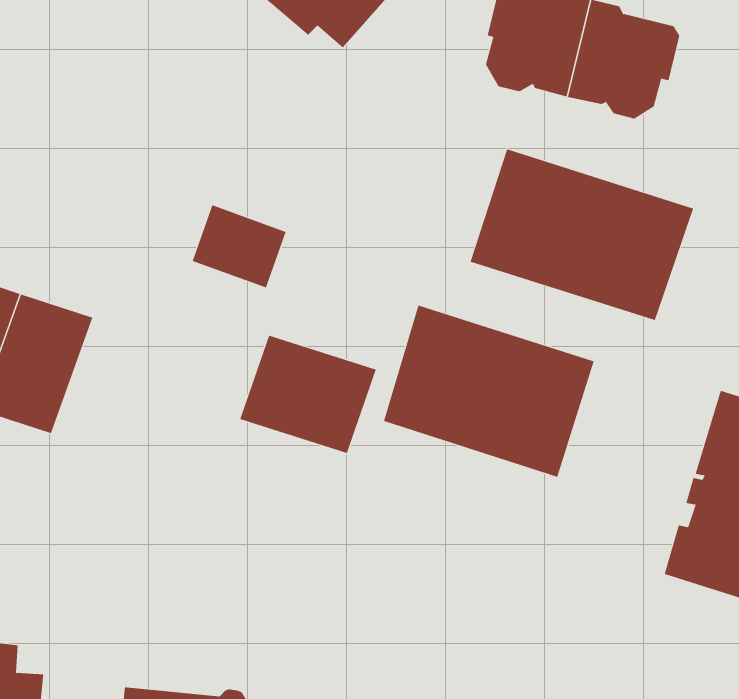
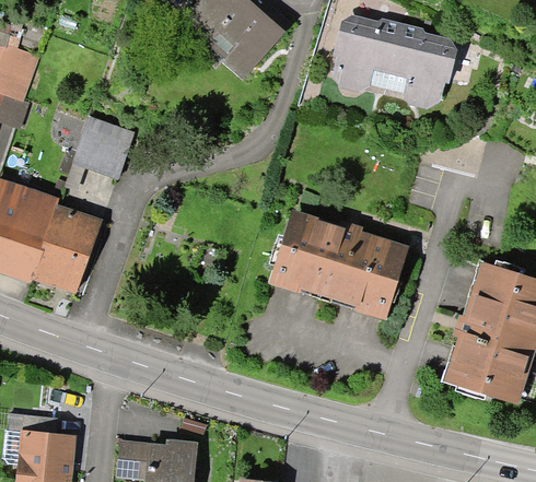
building: [470,148,694,321] -> none
building: [192,205,286,288] -> [73,126,130,176]
building: [240,335,376,454] -> none

